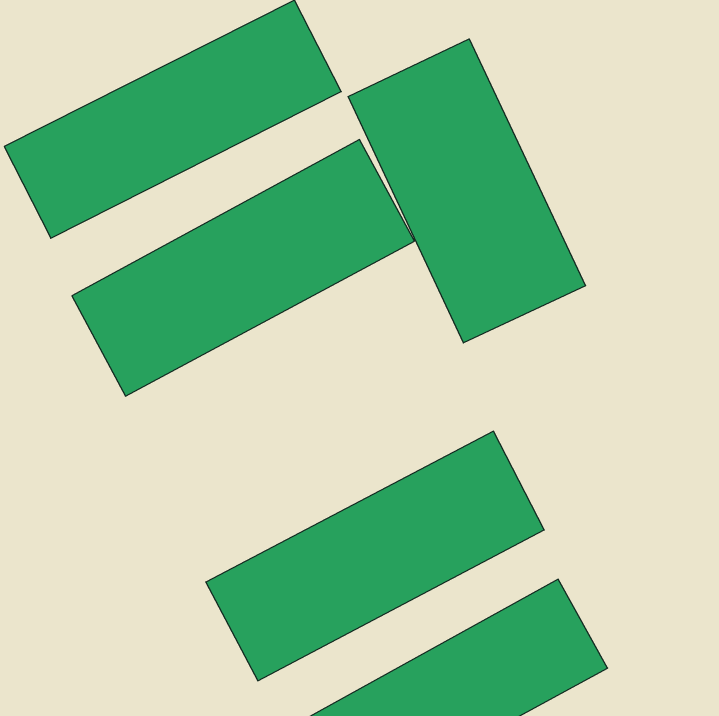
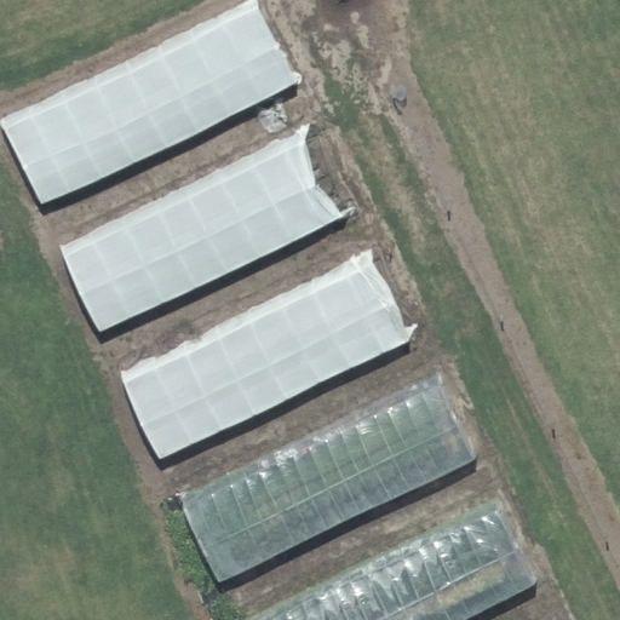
building: [348,39,585,343] -> none
building: none -> [119,254,407,458]

